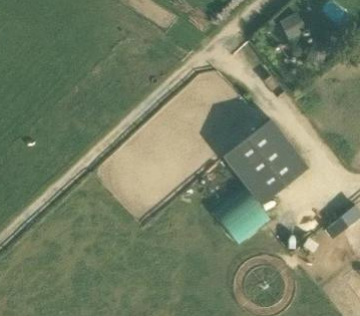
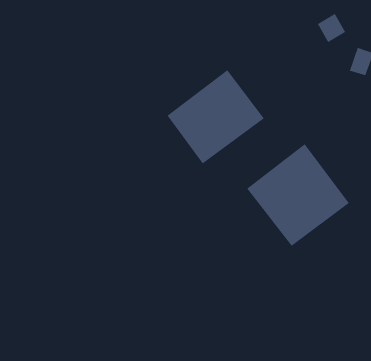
building: none -> [167,69,265,164]

